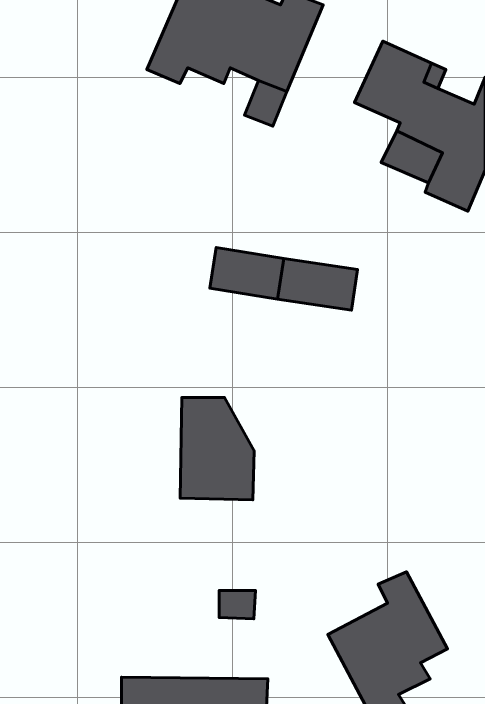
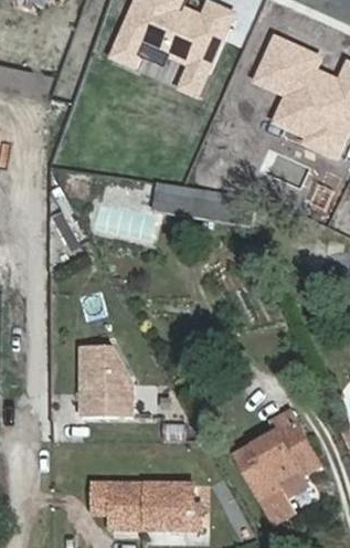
building: [180,397,254,500] -> [79,342,131,414]

